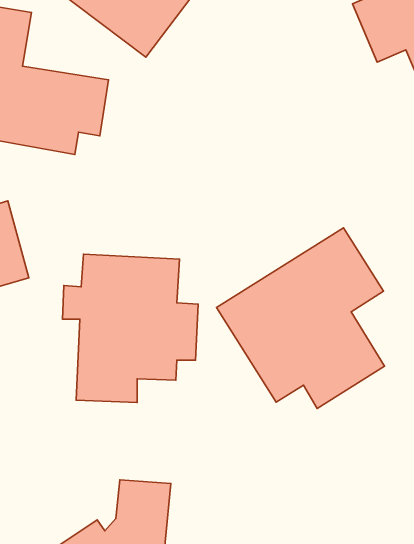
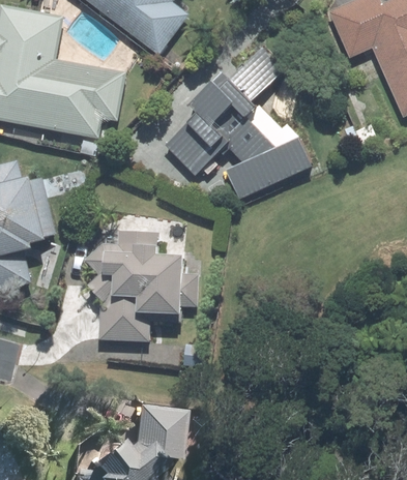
building: none -> [165,40,310,200]
building: [217,228,384,408] -> none

